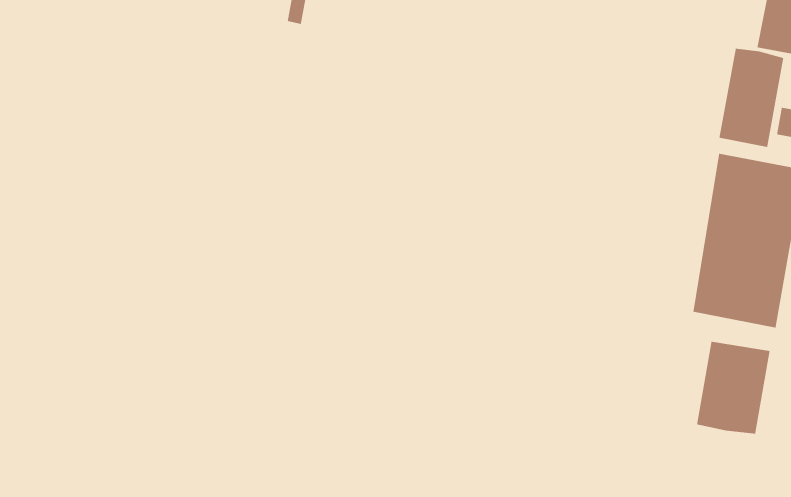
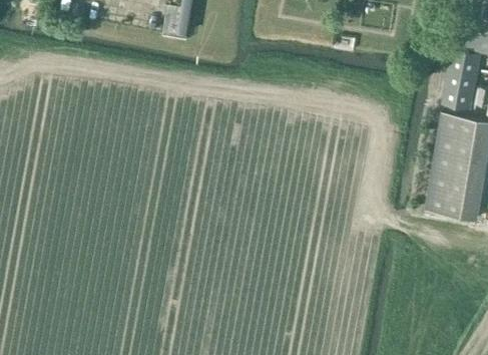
building: [696,341,770,434] -> none

